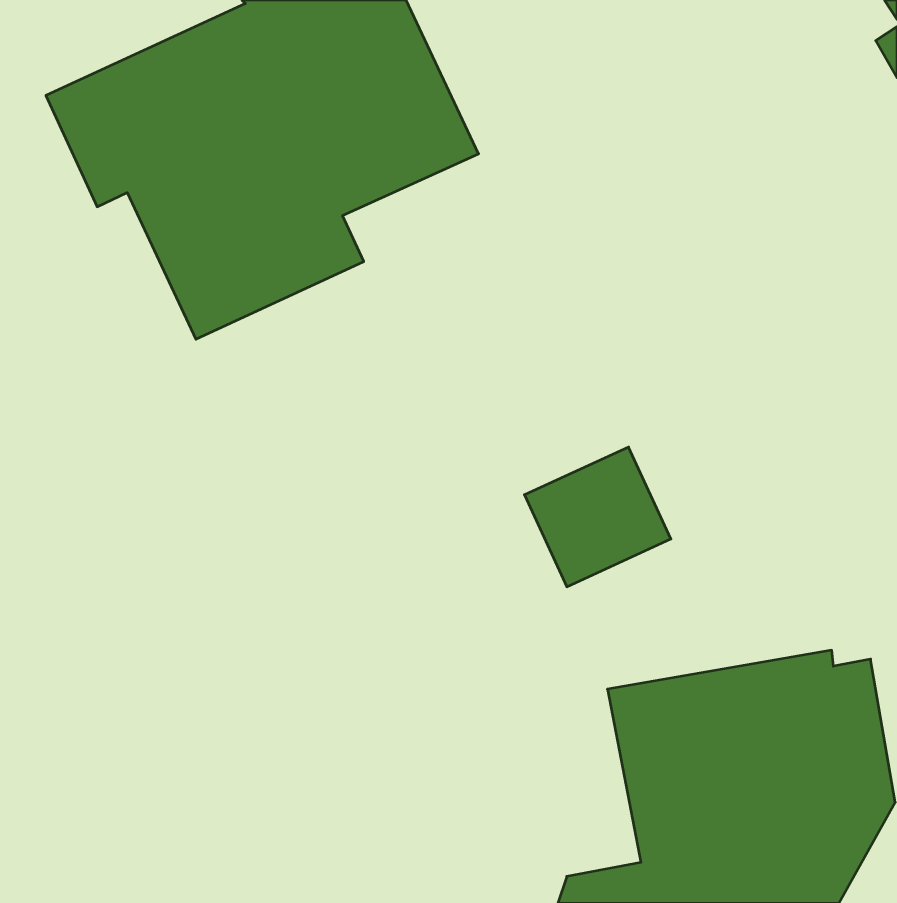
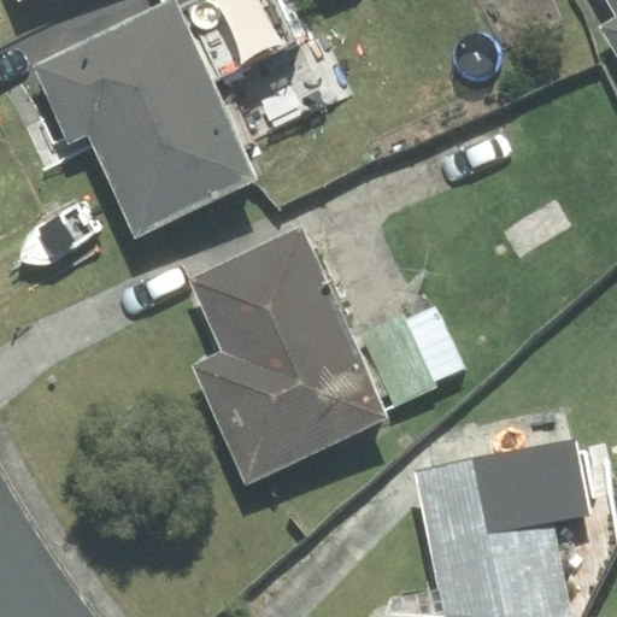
building: none -> [192,235,380,476]

